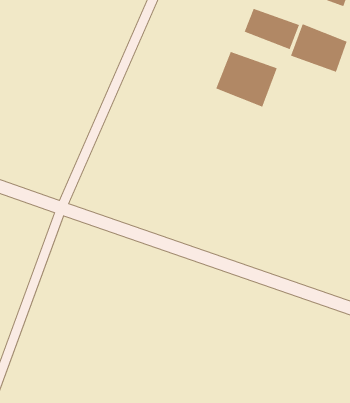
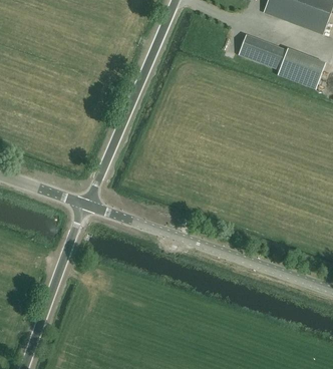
building: [215,51,278,107] -> none

